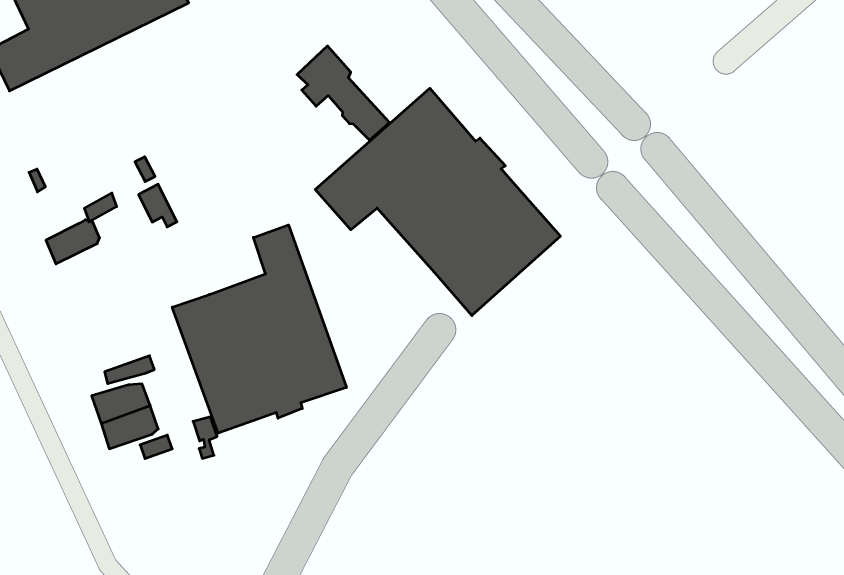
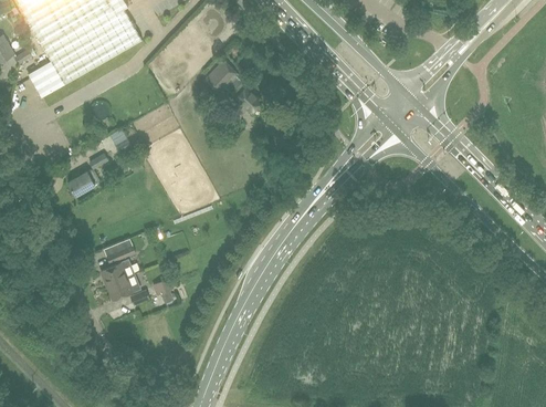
building: [315,88,560,316] -> none
building: [172,225,346,433] -> none

